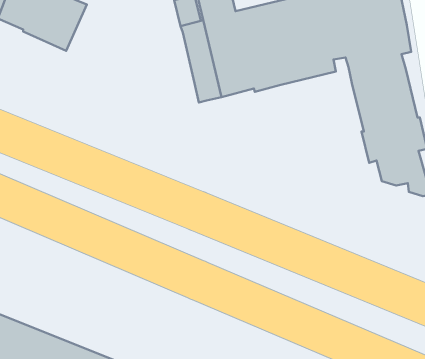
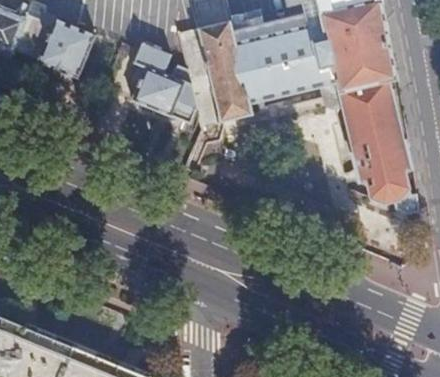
building: none -> [130,41,195,129]

